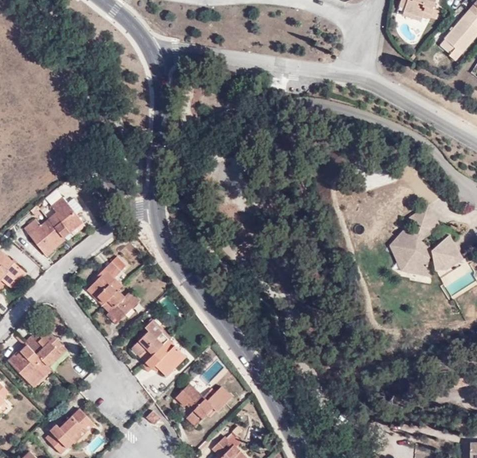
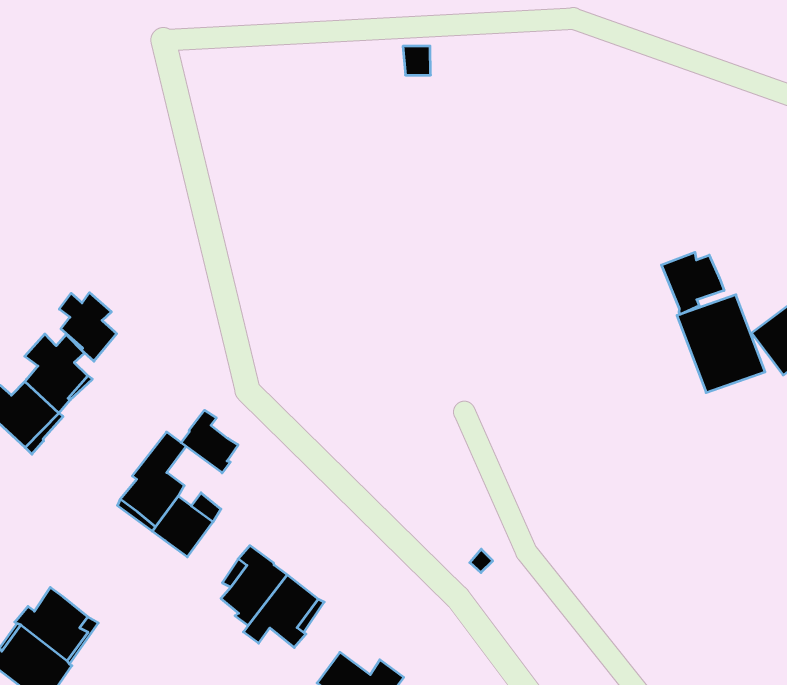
building: none -> [59,293,117,361]
building: none -> [661,252,724,314]
building: none -> [181,410,238,473]

